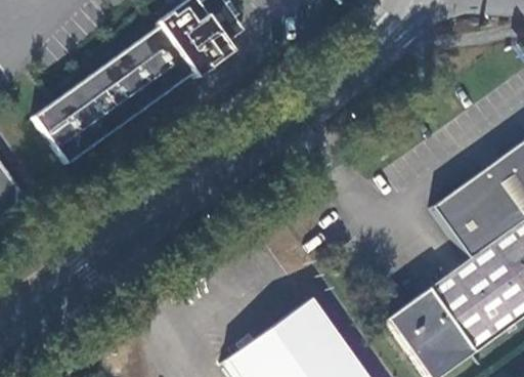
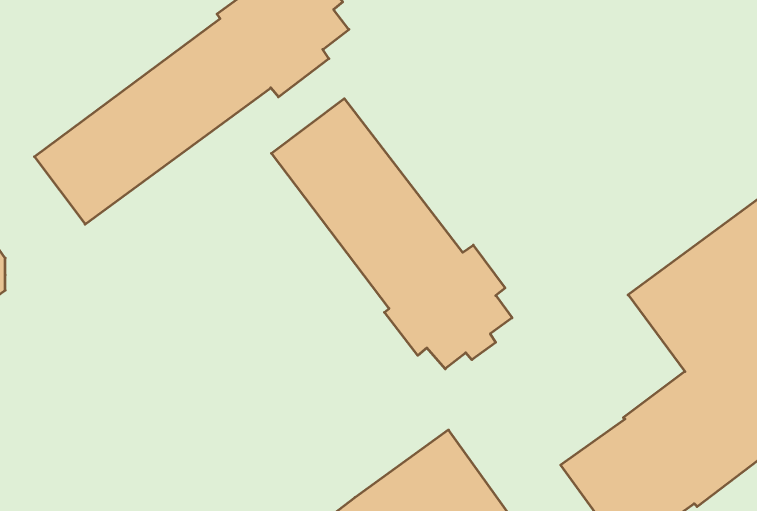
building: none -> [271,99,512,369]

